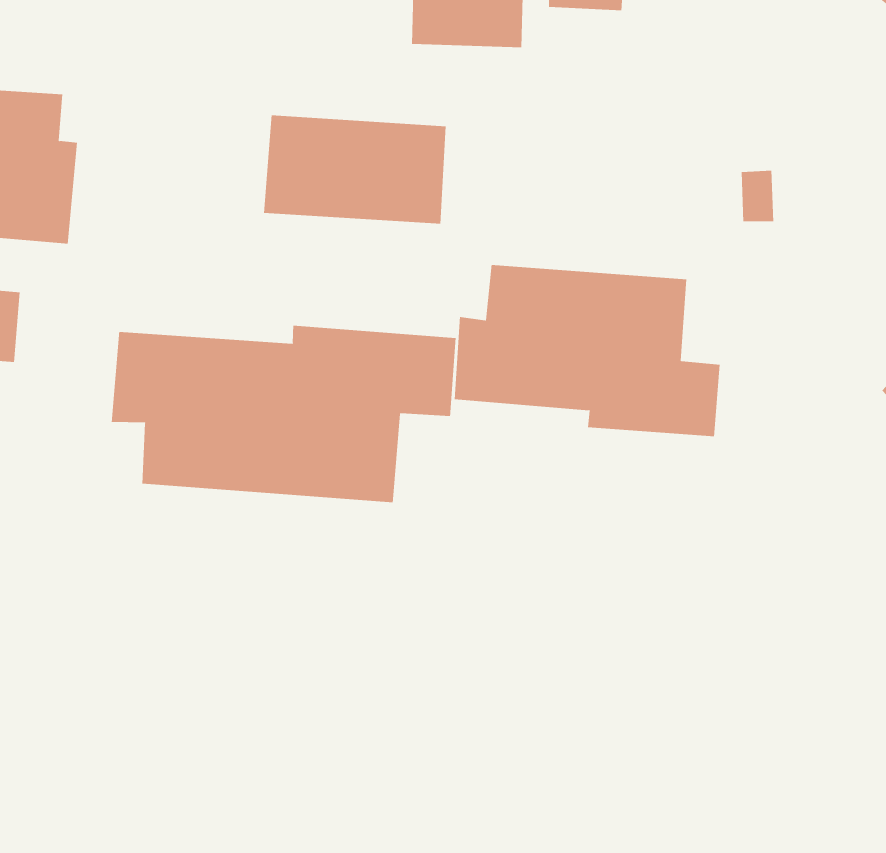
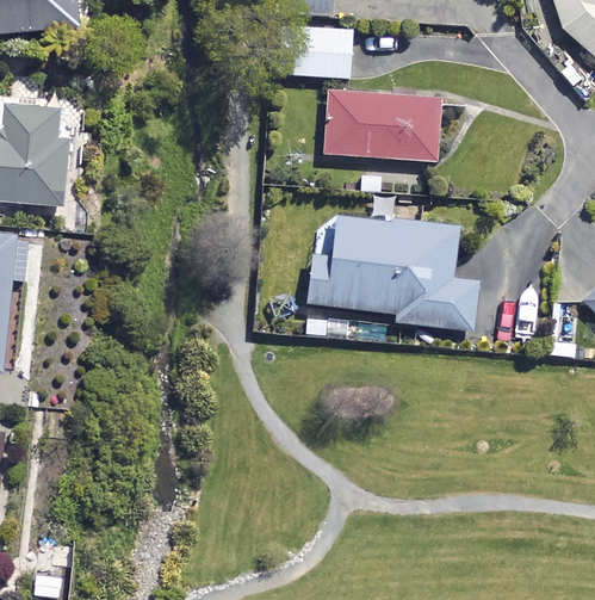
building: [263,115,447,224] -> [322,89,440,160]
building: [111,325,456,503] -> none

